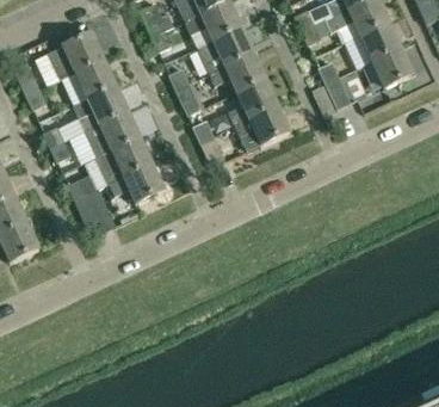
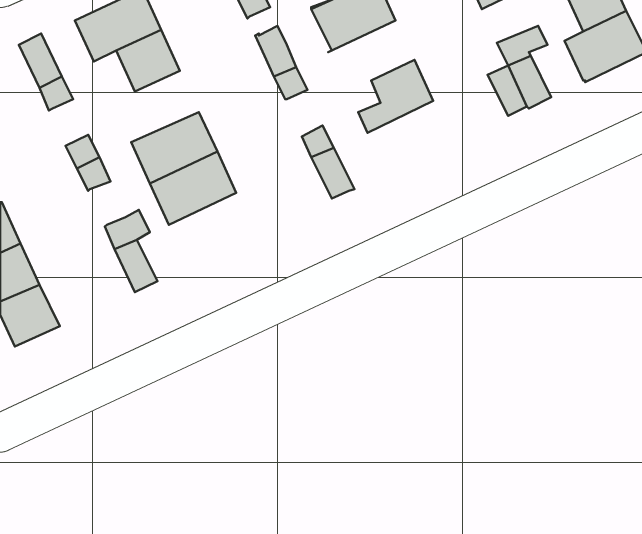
building: [209,51,264,90] -> none
building: [78,84,126,129] -> none
building: [234,103,289,142] -> none
building: [107,161,162,201] -> none

